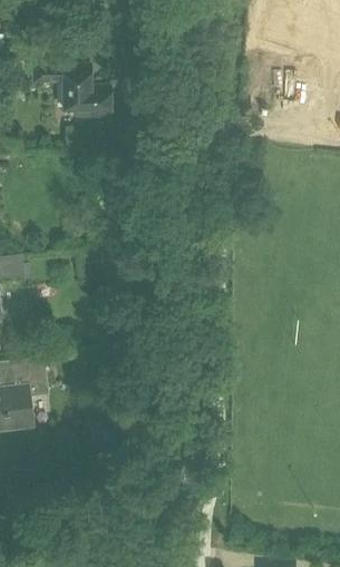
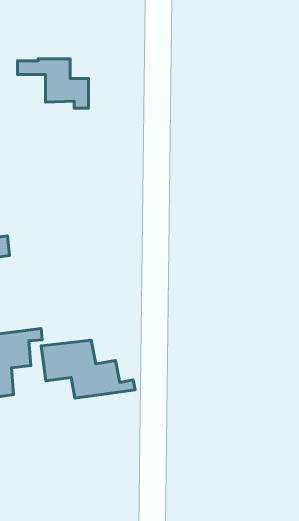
building: none -> [41,340,135,398]

